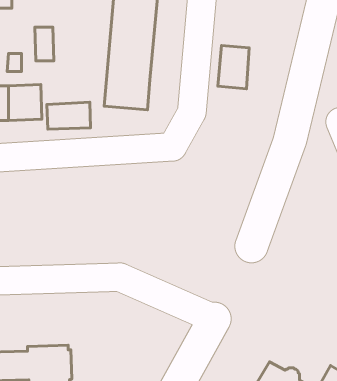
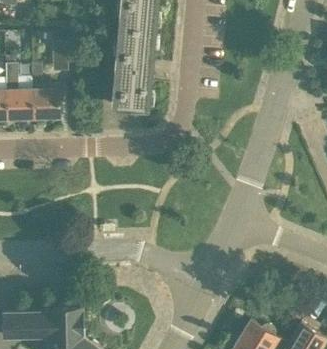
building: [218,45,249,89] -> none
building: [47,102,91,129] -> none

